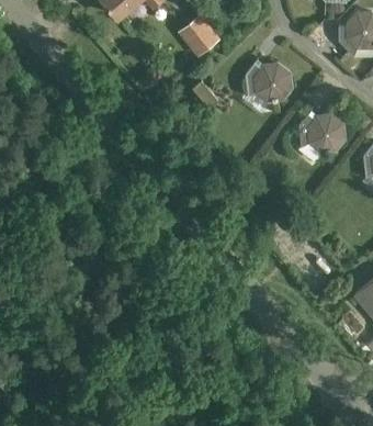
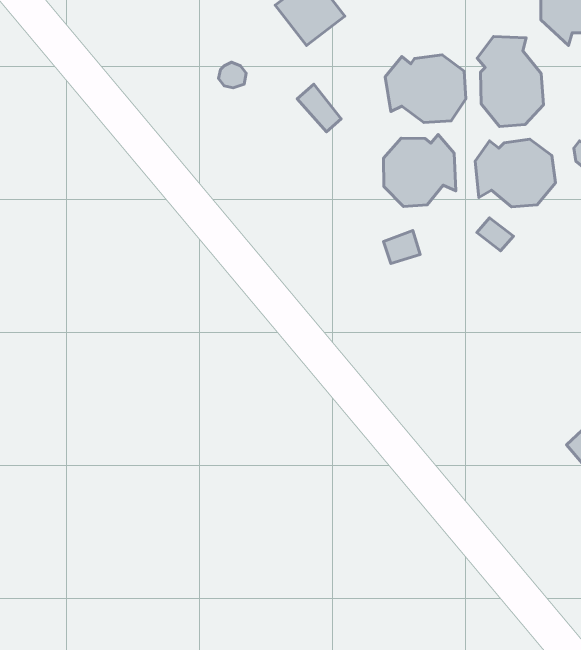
building: none -> [477,36,543,126]
building: none -> [383,134,456,206]

